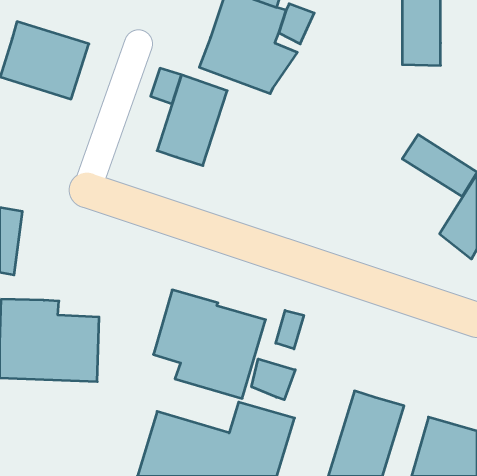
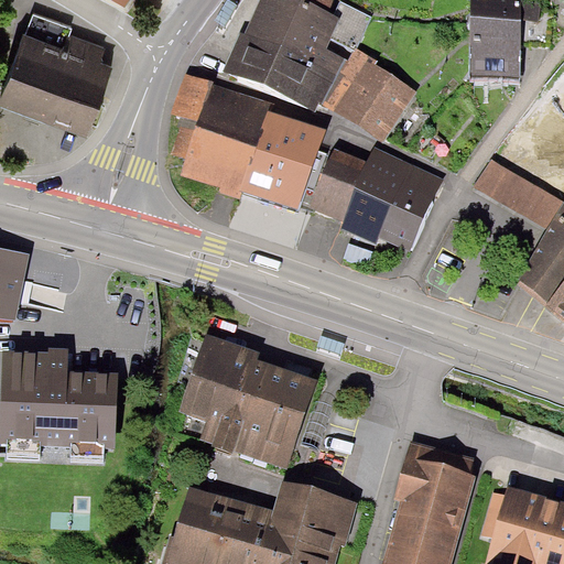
building: none -> [322,53,414,143]
building: none -> [239,107,321,213]
building: none -> [312,147,442,250]
building: [276,310,304,349] -> none
building: [252,359,295,400] -> none

